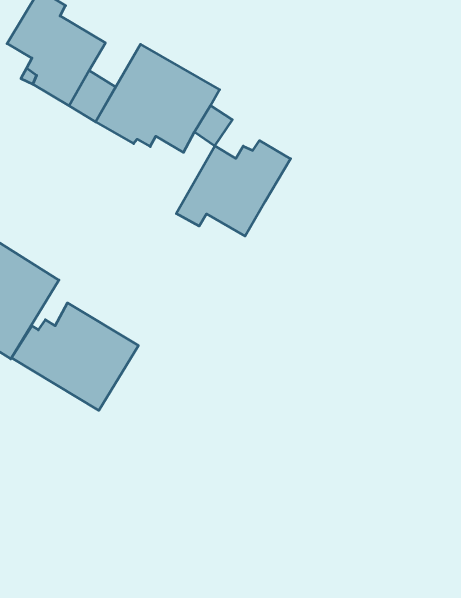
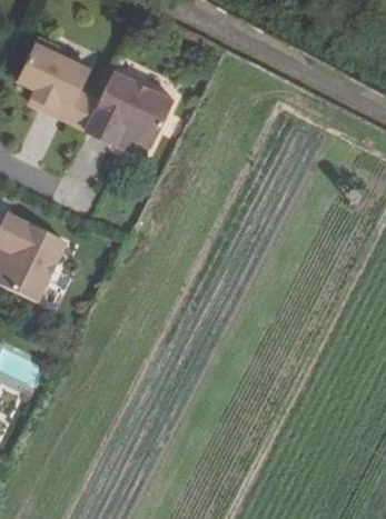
building: [176,141,291,236] -> none
building: [11,303,138,410] -> none

